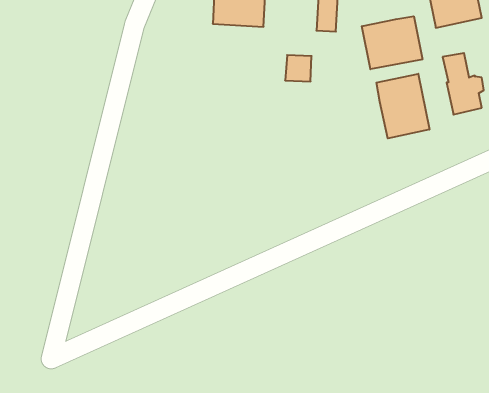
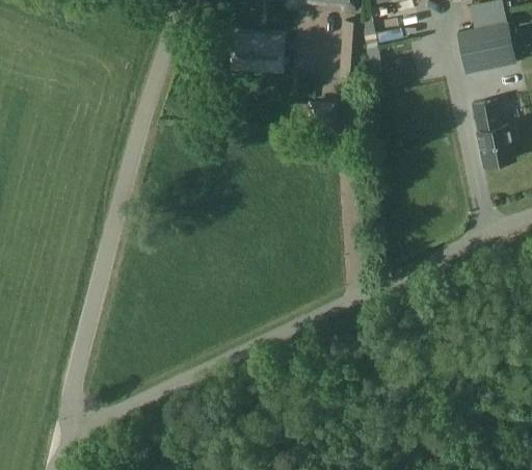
building: [362,16,422,69] -> none
building: [376,74,429,138] -> none

